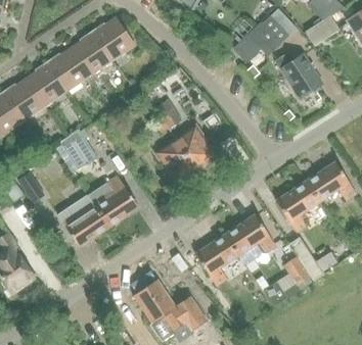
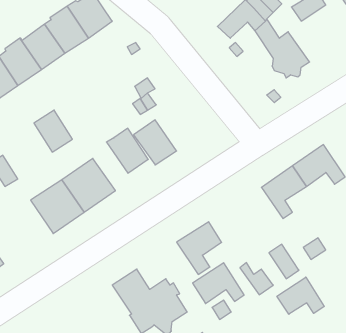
building: [175,125,215,167] -> [106,128,148,173]
building: [226,215,275,254] -> [193,263,244,304]
building: none -> [277,277,324,314]

